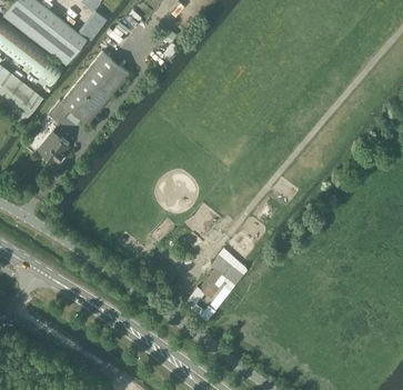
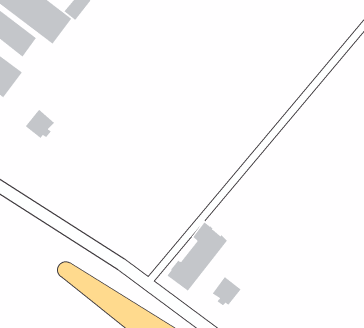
building: [49,51,129,124] -> none
building: none -> [212,276,242,306]

